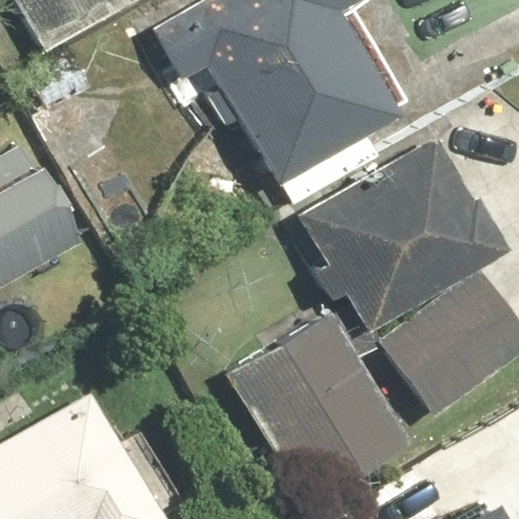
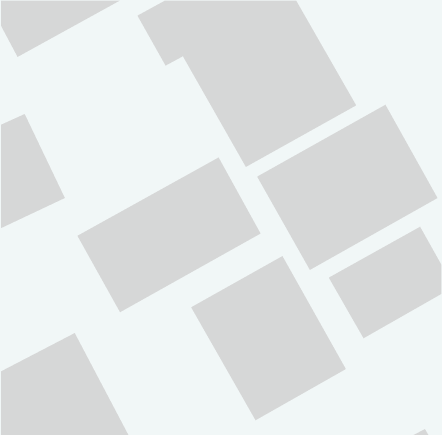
building: none -> [76,156,262,313]

